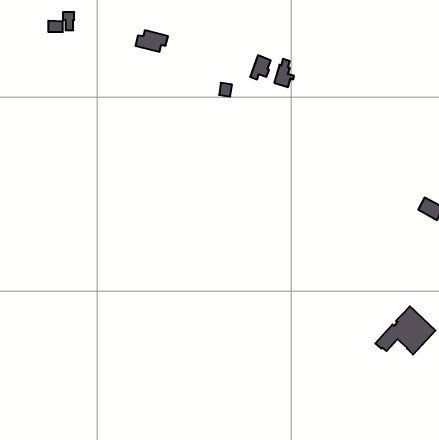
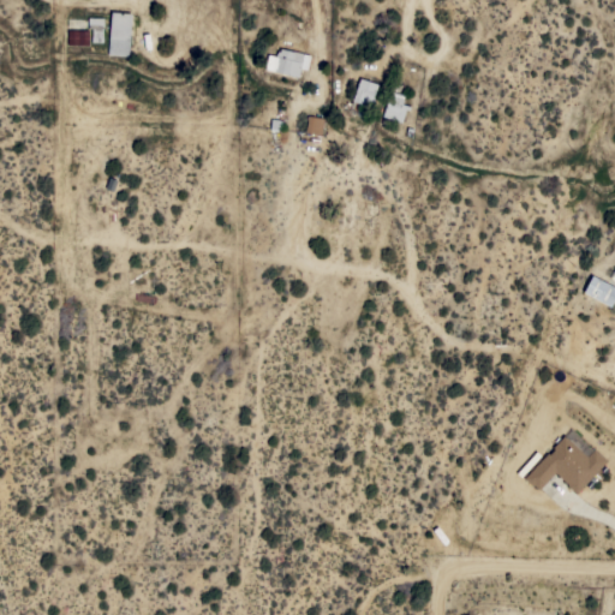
building: none -> [109,12,133,56]
building: [135,30,168,52] -> [267,48,312,78]

